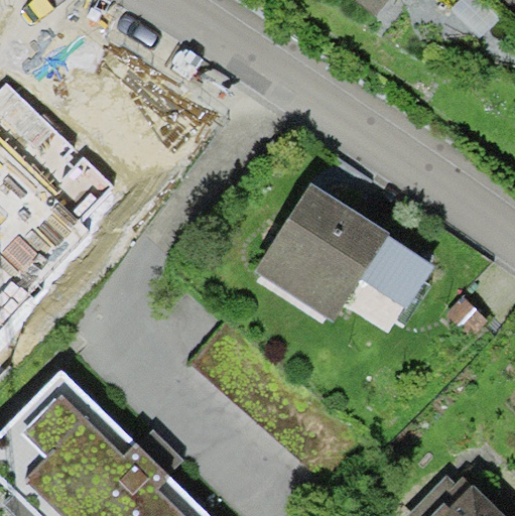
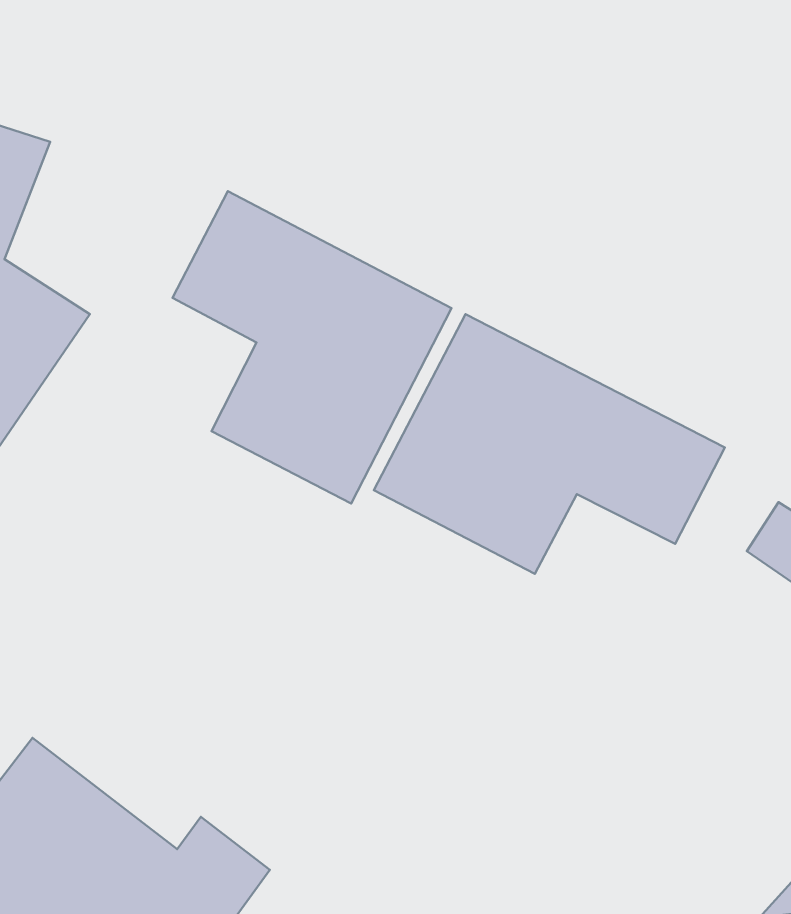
building: none -> [173,191,452,503]

